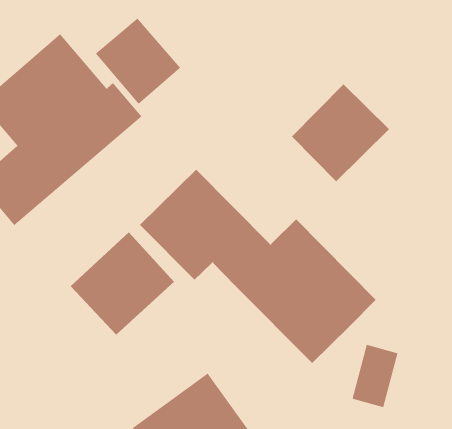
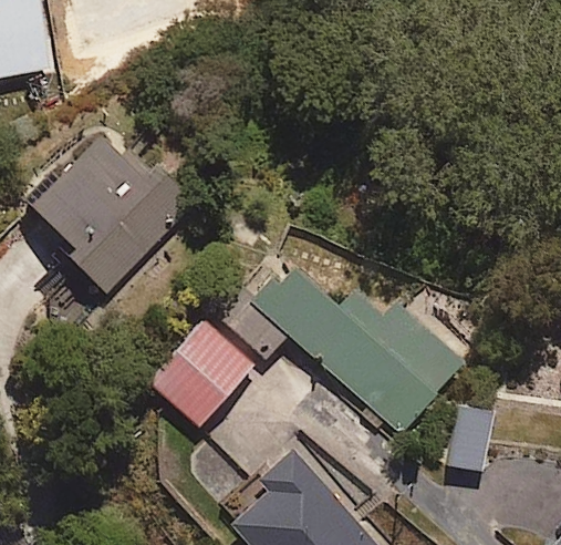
building: [95,18,181,105] -> none
building: [291,84,390,182] -> none

